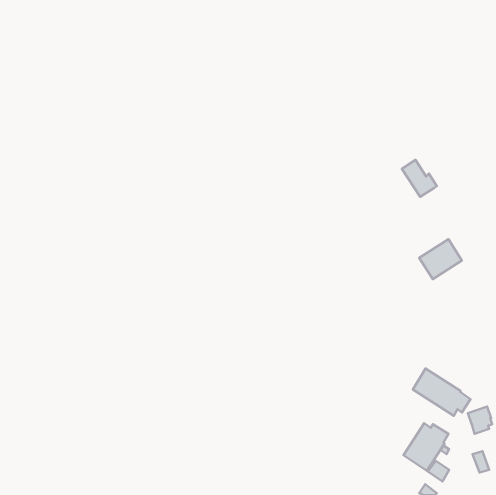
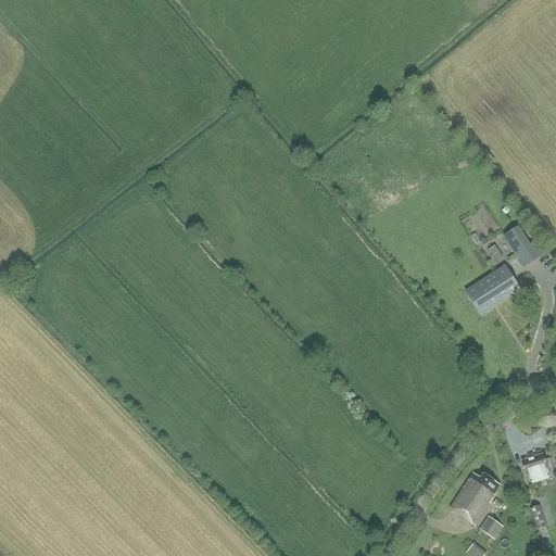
building: [402,160,437,197] -> [503,225,542,266]
building: [413,369,471,416] -> none

